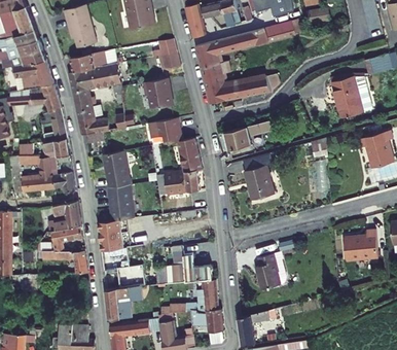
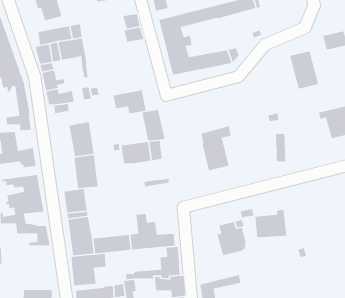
building: [143,76,173,108] -> none
building: [223,121,276,152] -> none
building: [345,229,378,258] -> [254,209,287,238]

